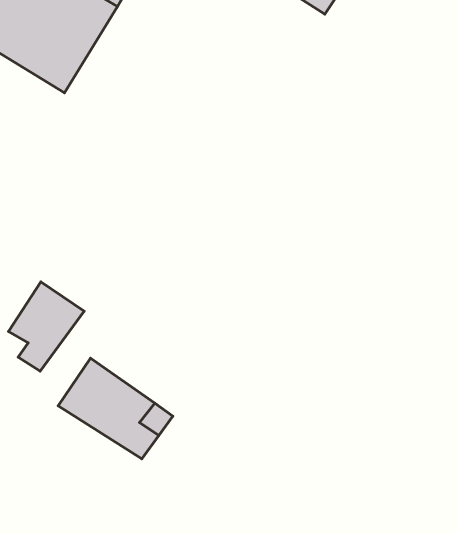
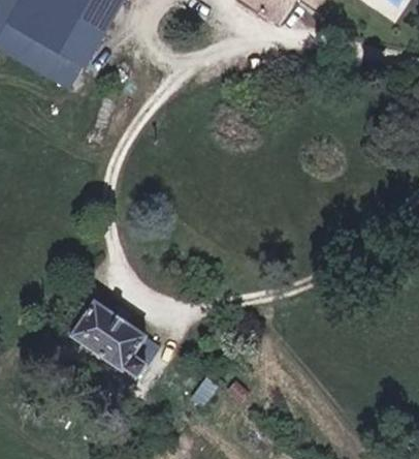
building: [9,282,84,371] -> none

